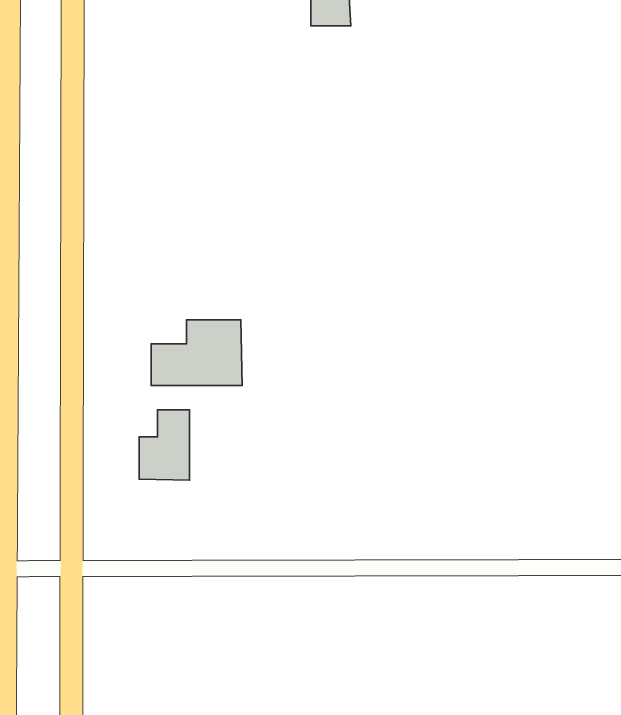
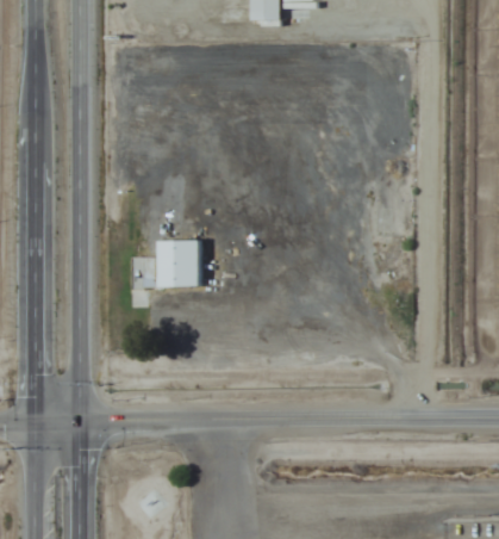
building: [139,410,190,480] -> none

